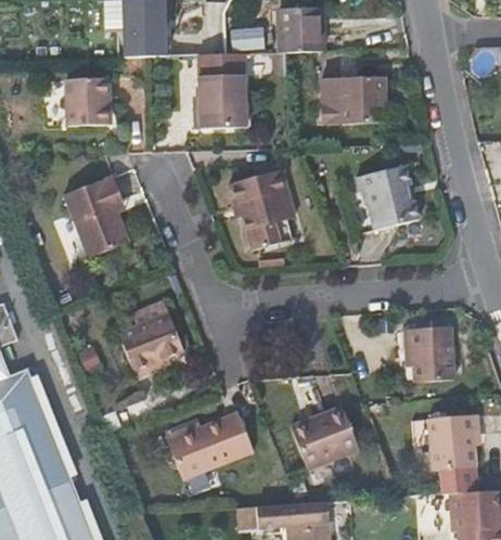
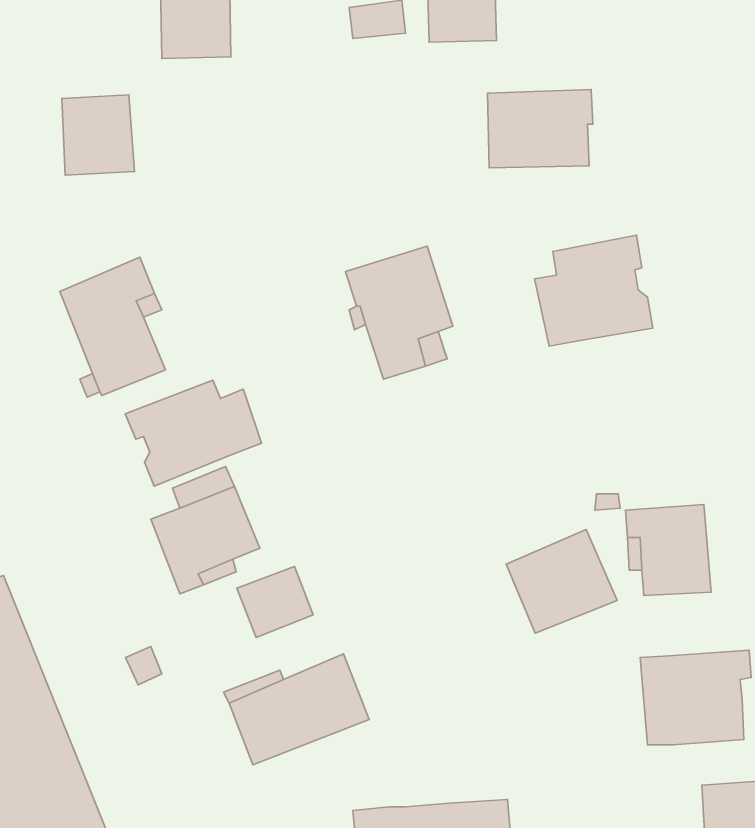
building: [193,56,245,129] -> none
building: none -> [125,380,262,486]
building: none -> [237,567,313,637]
building: [288,409,355,471] -> [506,530,617,633]

